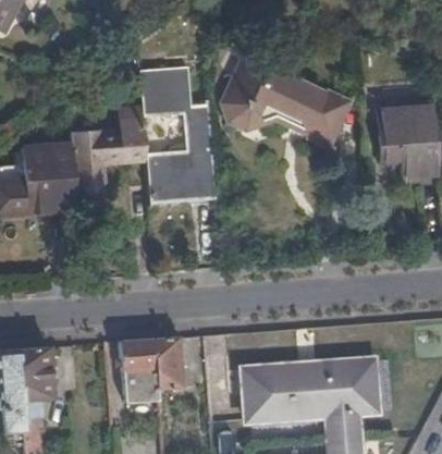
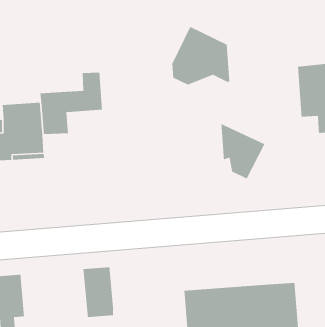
building: [140,66,217,204] -> none
building: [294,75,347,143] -> [221,123,265,180]
building: [155,339,183,389] -> none

